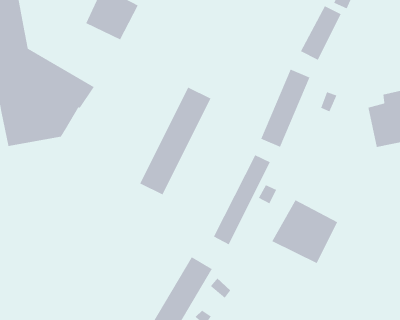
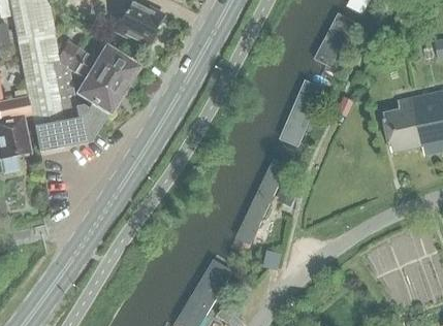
building: none -> [58,40,139,93]
building: [139,86,211,195] -> none
building: [271,199,338,264] -> none

